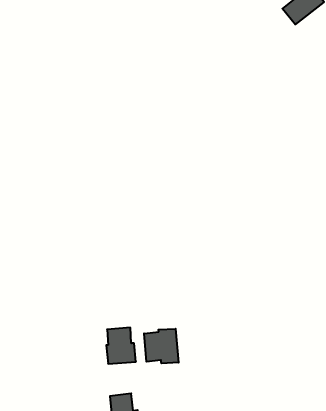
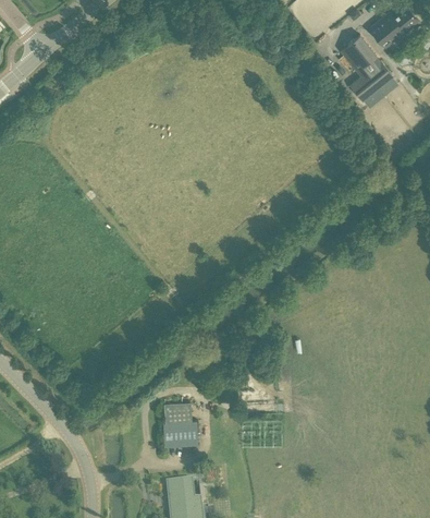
building: none -> [341,34,393,100]
building: [144,329,179,363] -> none

